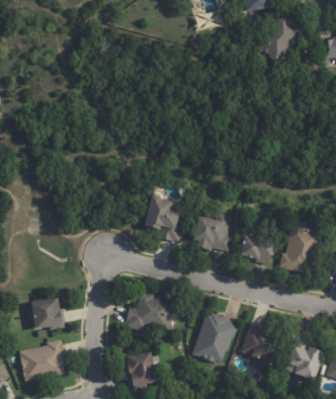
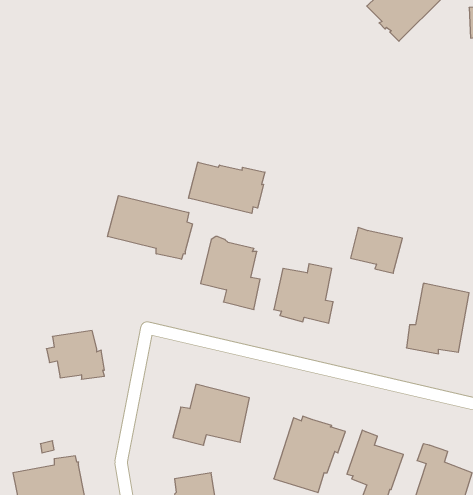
building: none -> [189,162,265,213]
building: none -> [108,196,192,259]
building: [240,234,274,264] -> [351,228,402,273]
building: [26,297,65,329] -> [46,331,104,379]

